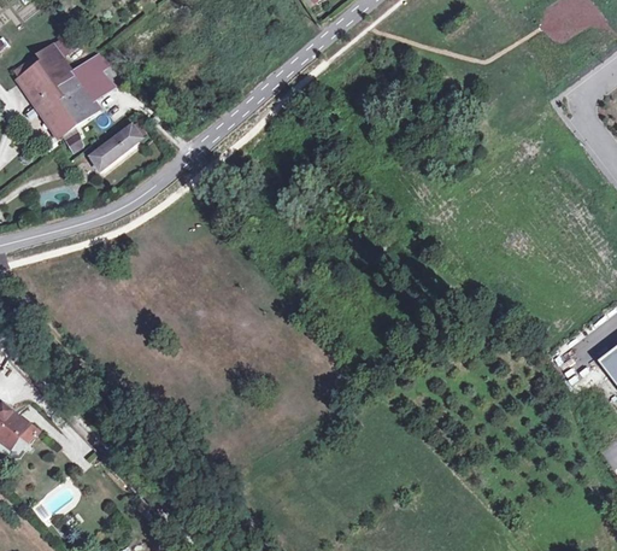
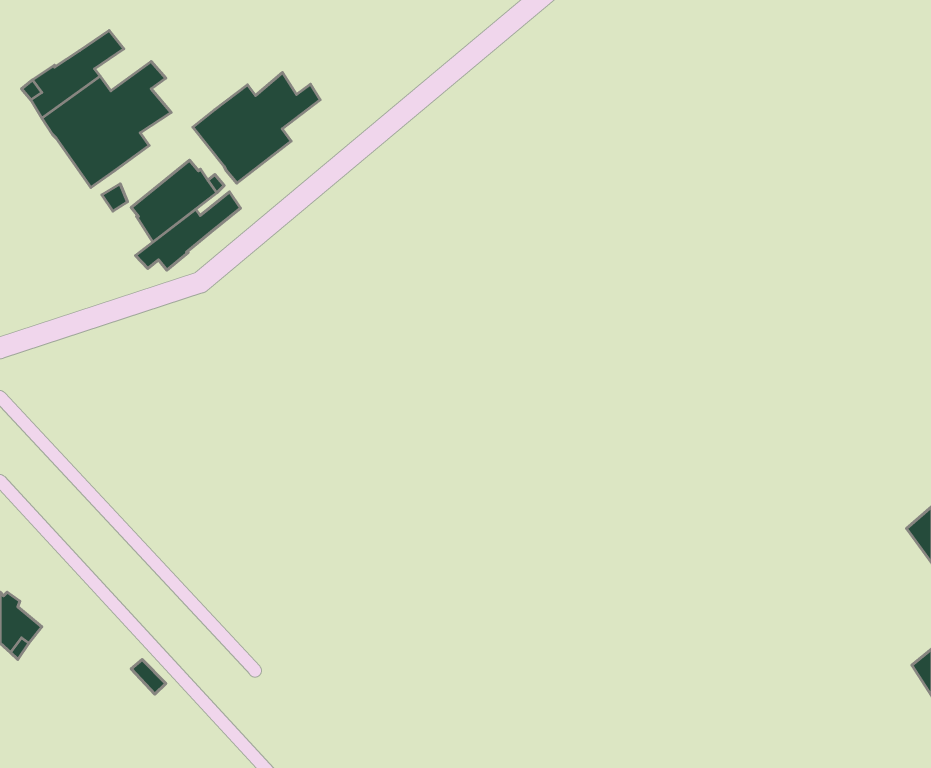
building: none -> [193,73,320,183]
building: none -> [135,192,241,270]

